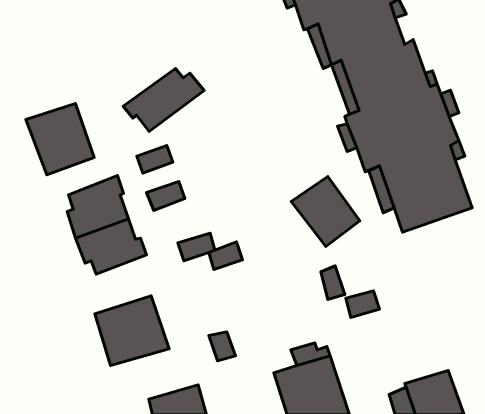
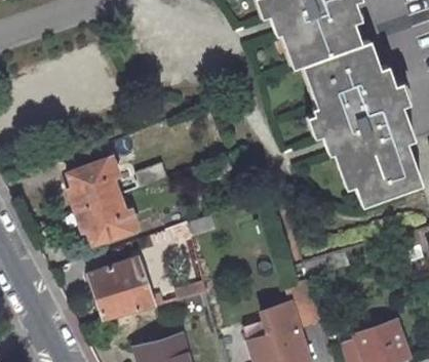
building: [123,68,204,131] -> none
building: [26,103,94,175] -> none
building: [291,176,360,247] -> none

